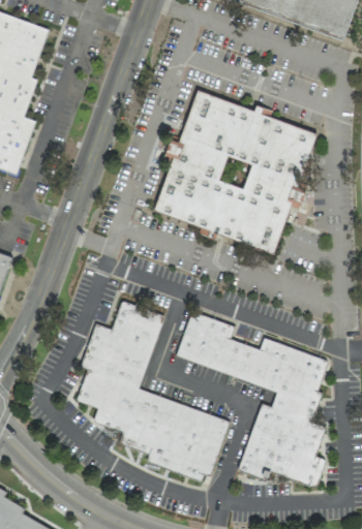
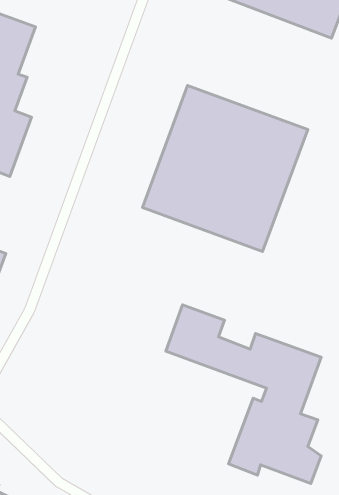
building: [77,295,232,481] -> none

